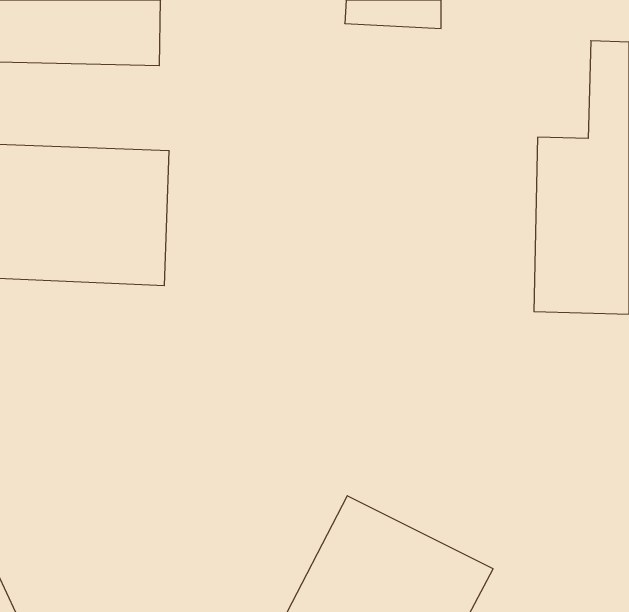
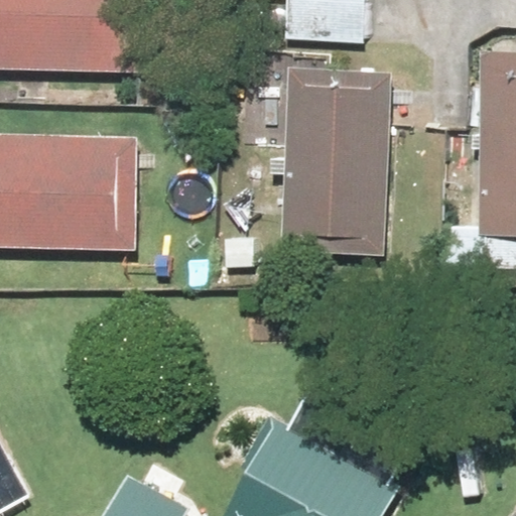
building: none -> [285,68,391,256]

